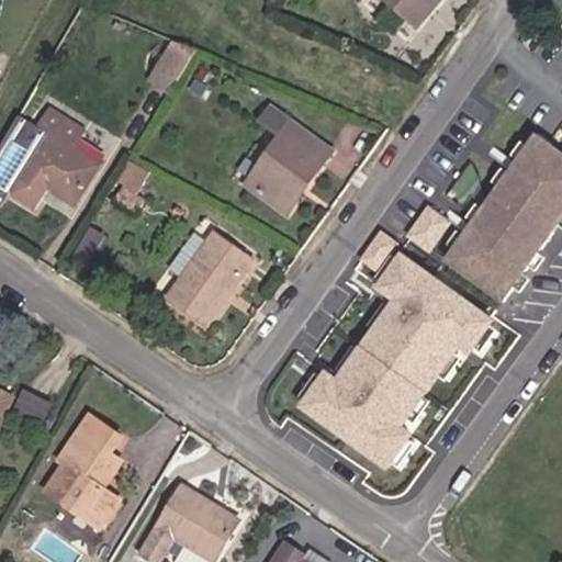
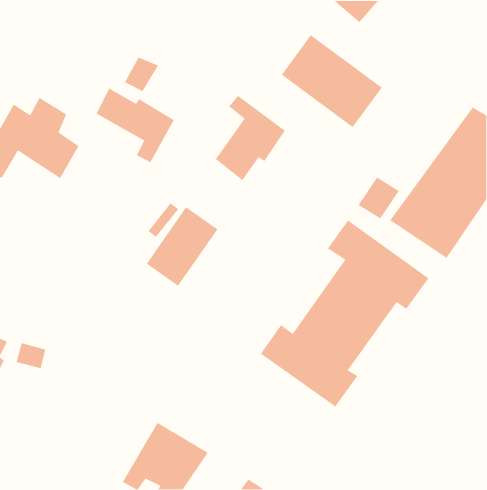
building: none -> [281,34,383,128]
building: none -> [96,87,175,163]
building: [46,416,117,525] -> none

